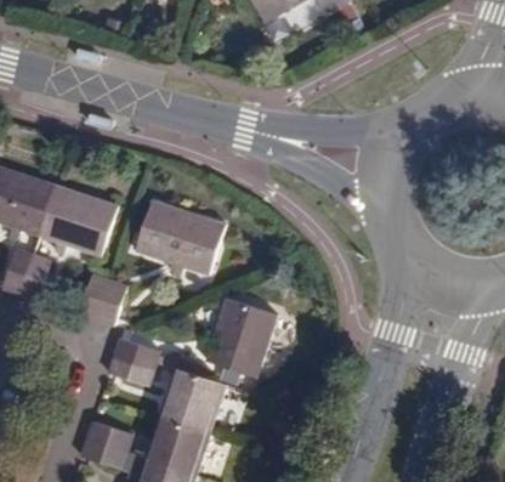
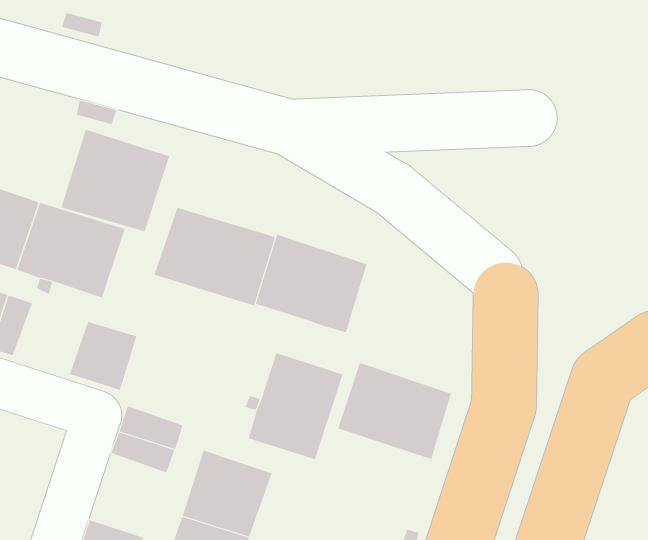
building: none -> [61,129,170,232]
building: none -> [255,234,367,333]
building: none -> [337,362,451,460]

